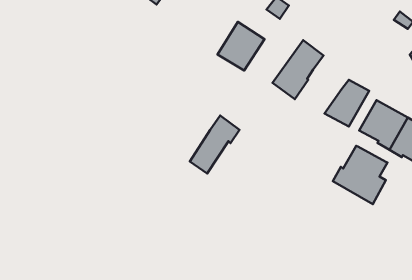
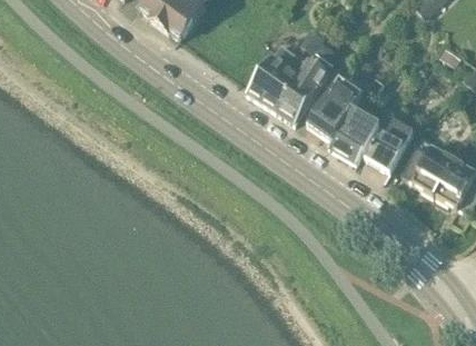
building: none -> [327,106,379,159]
building: [190,116,240,174] -> [275,57,329,120]
building: [333,146,387,204] -> none

